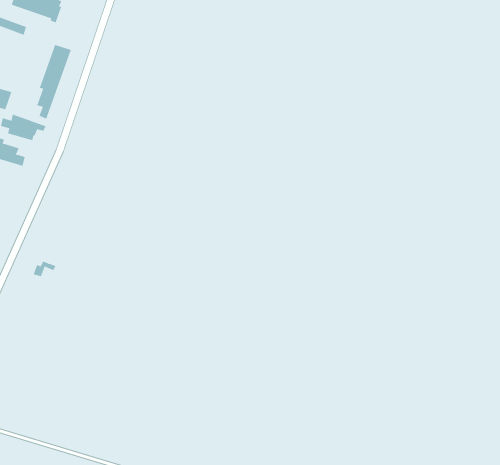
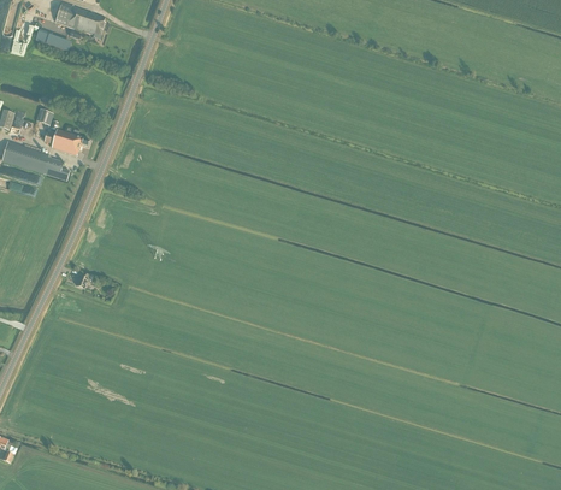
building: [37,44,71,120] -> none

